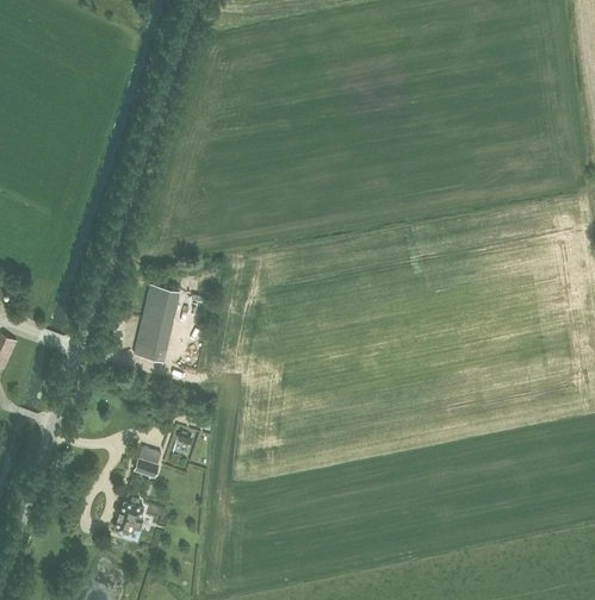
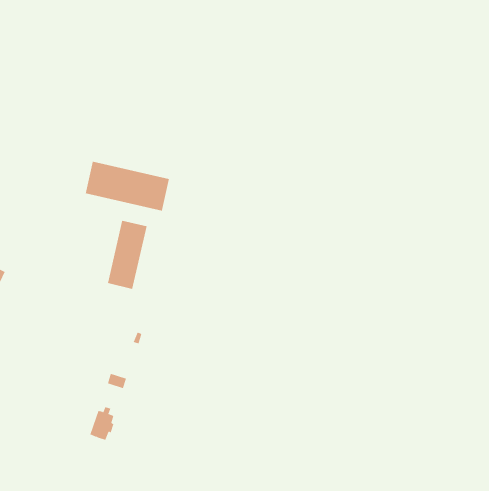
building: none -> [85,161,169,211]

